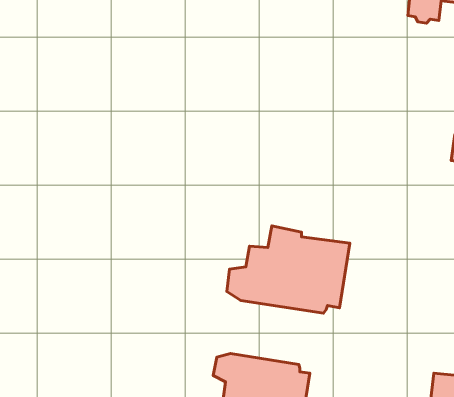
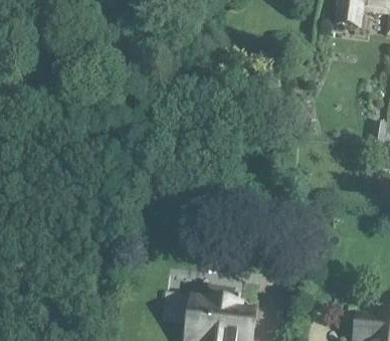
building: [227,226,350,313] -> none

